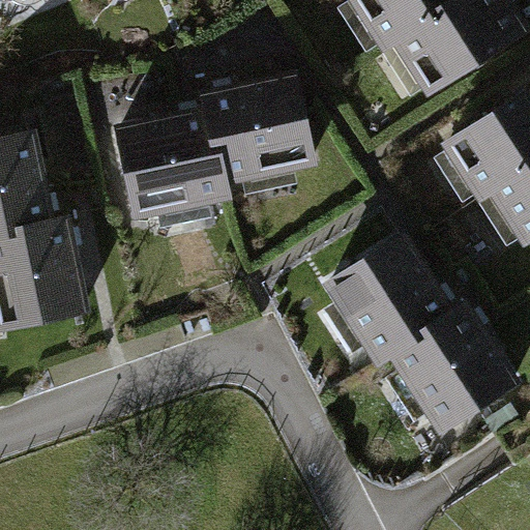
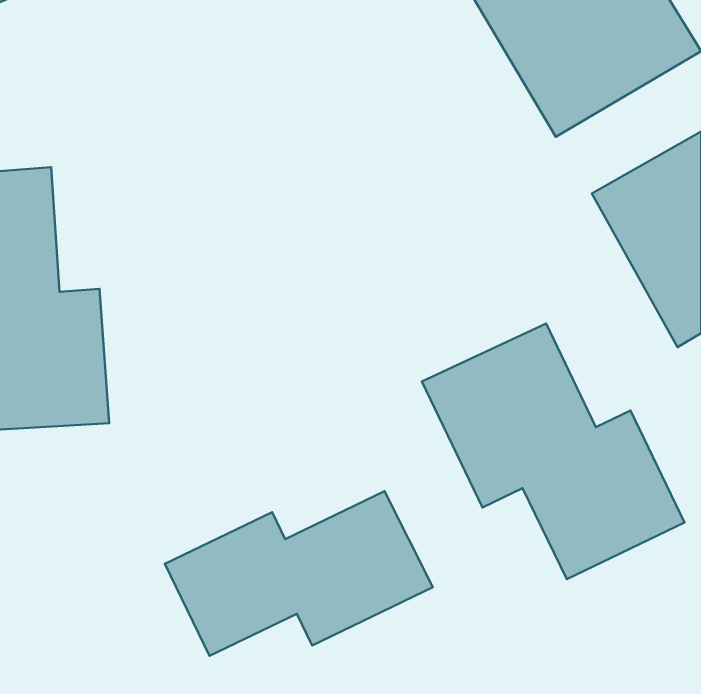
building: [118,73,308,216] -> none
building: none -> [165,491,433,656]

